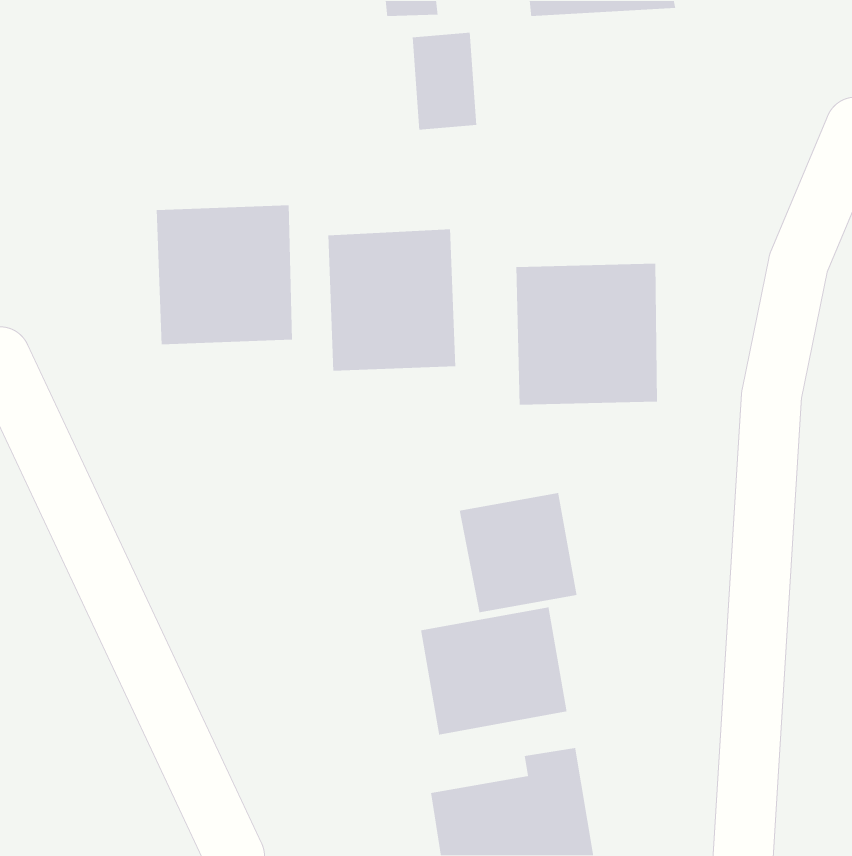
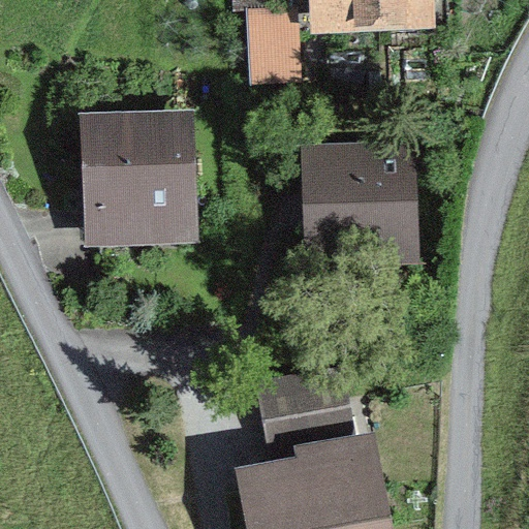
building: [327,228,456,372] -> none
building: [459,492,577,613] -> none

